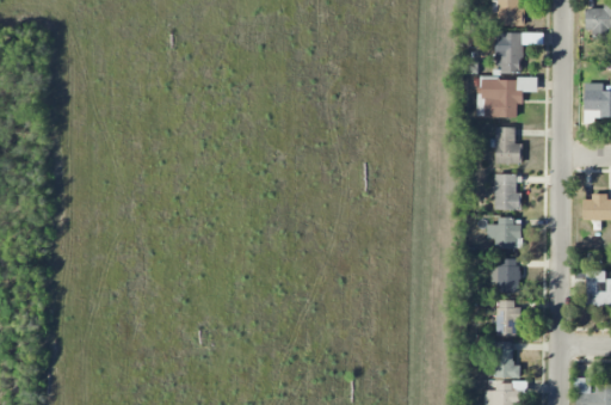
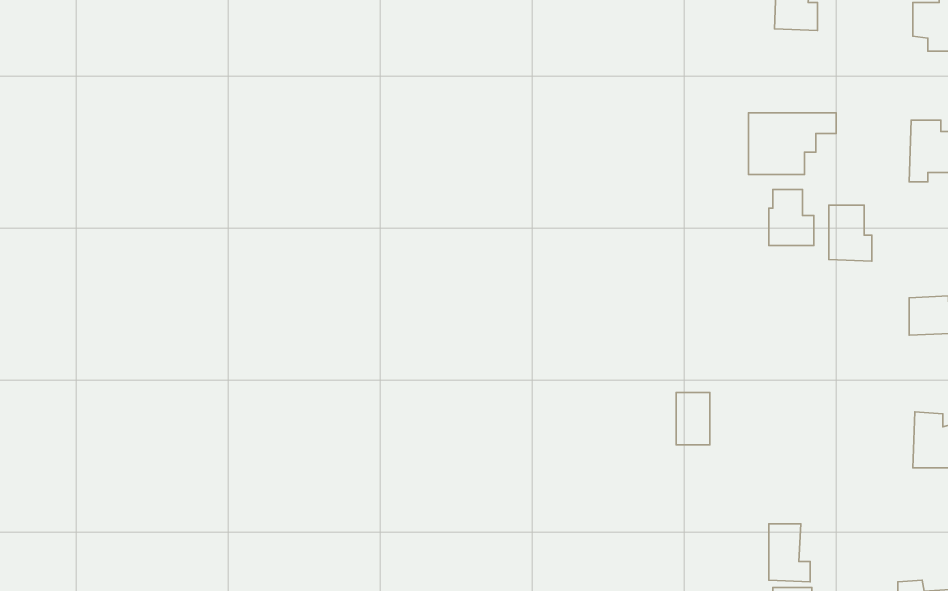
building: [496,32,521,73] -> none
building: [494,174,521,210] -> [829,205,872,261]
building: [487,219,519,250] -> none
building: [496,259,518,293] -> [676,393,710,445]
building: [495,300,518,336] -> none

